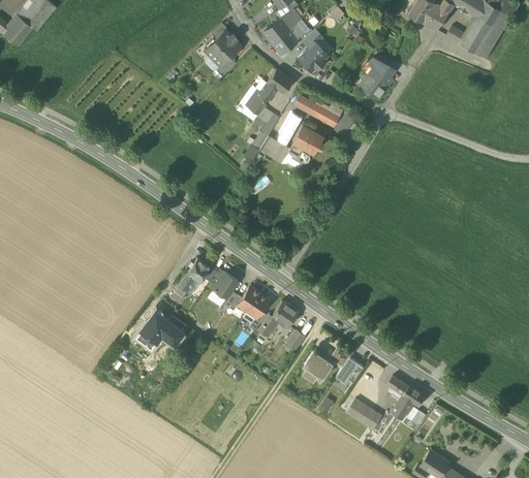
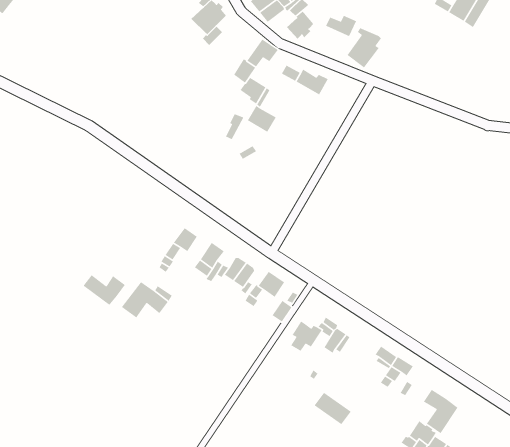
building: none -> [325,15,357,37]
building: [293,126,322,153] -> none
building: none -> [83,274,126,306]
building: [345,396,383,429] -> [313,392,352,425]
building: none -> [423,389,459,434]

